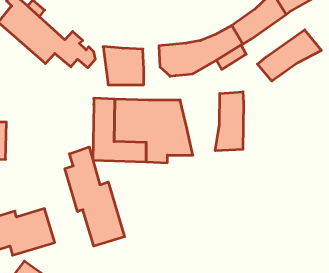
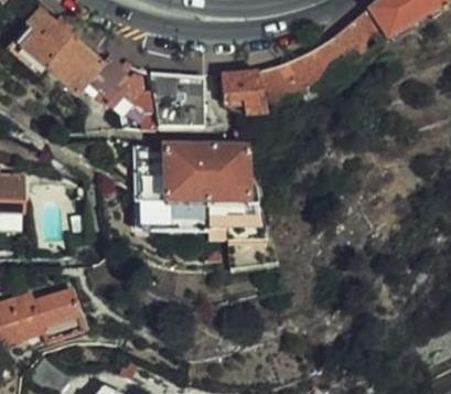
building: [257,30,321,81] -> none
building: [215,92,244,151] -> none
building: [65,147,125,246] -> none

